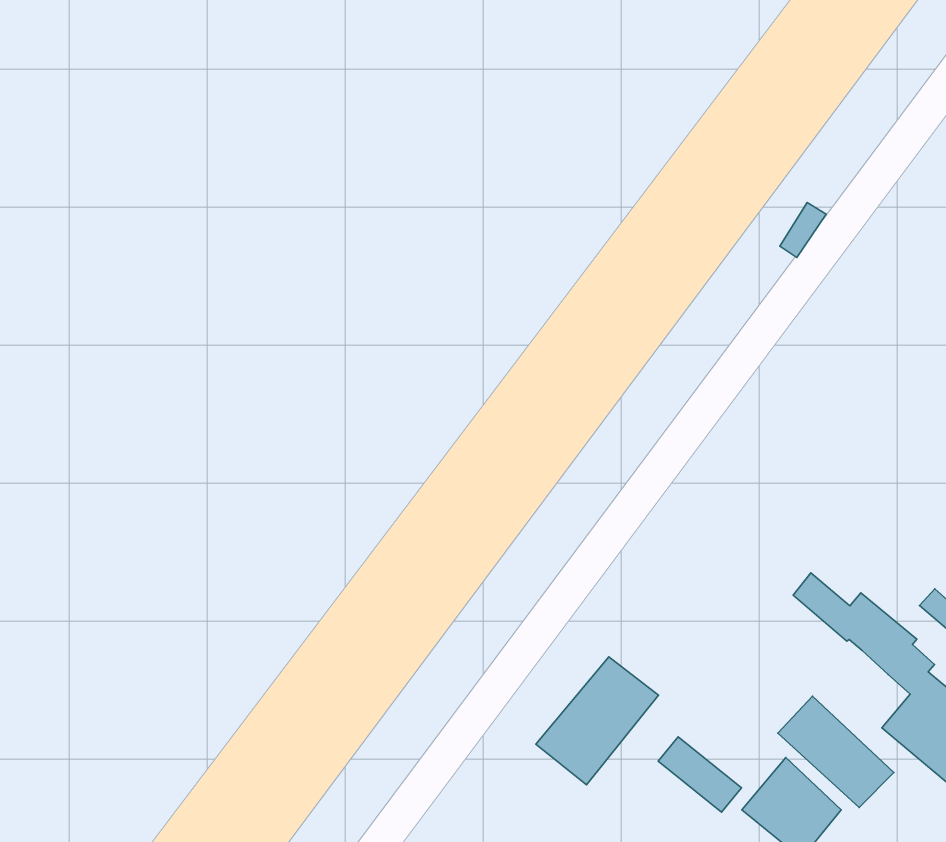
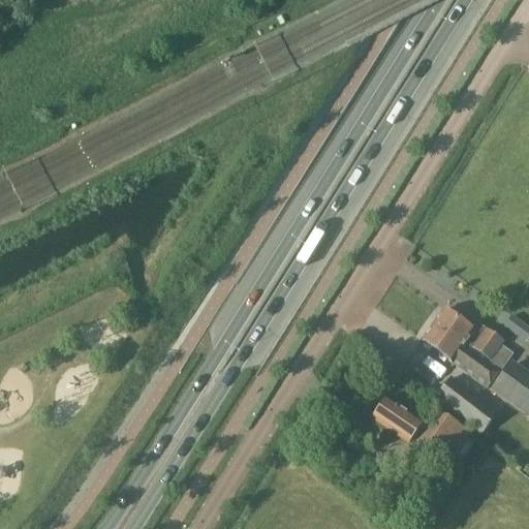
building: none -> [425,321,503,386]
building: [536,657,659,785] -> none

